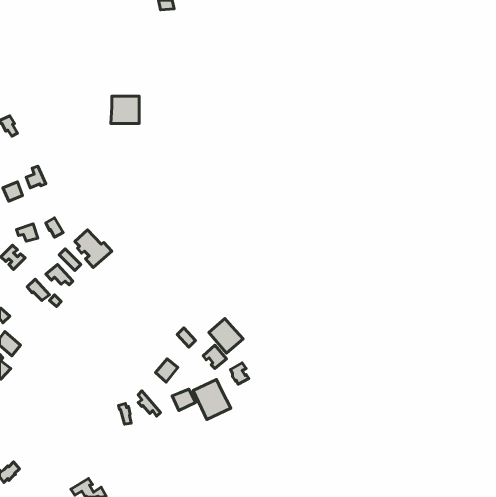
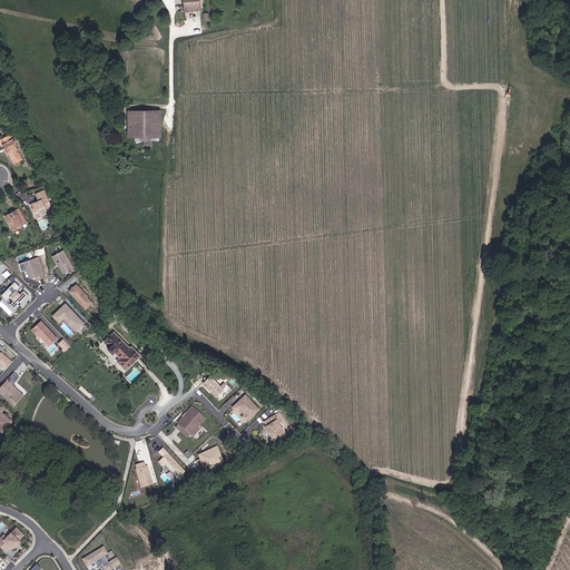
building: [75,230,112,268] -> [100,327,142,371]
building: [209,318,243,353] -> none
building: [193,380,231,419] -> none

